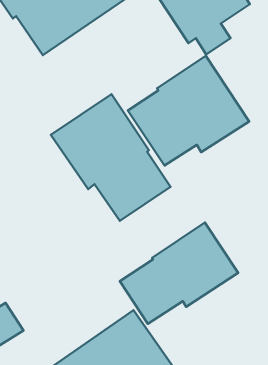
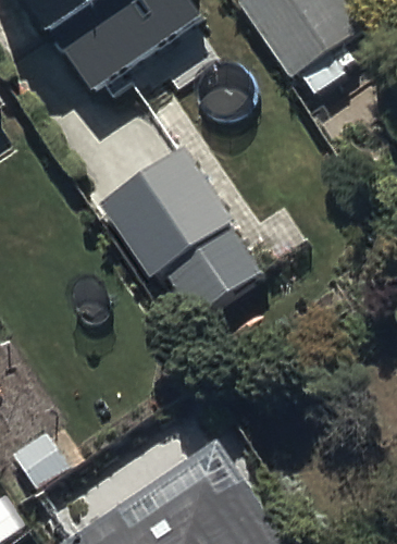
building: [128,56,249,166] -> none
building: [120,222,238,324] -> none

